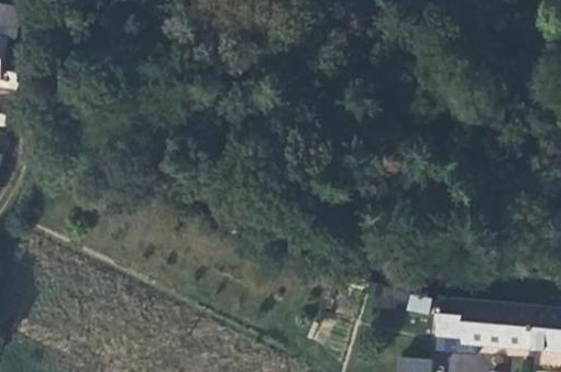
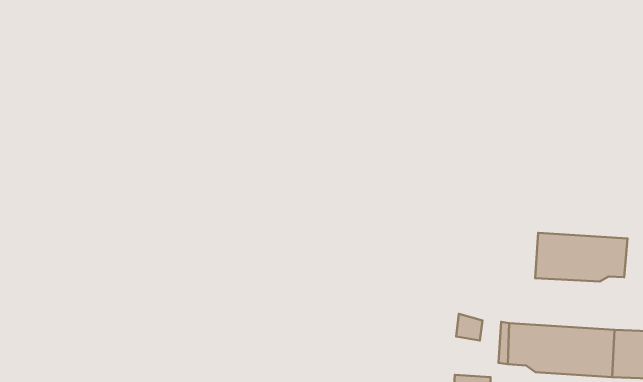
building: none -> [535,233,628,282]

